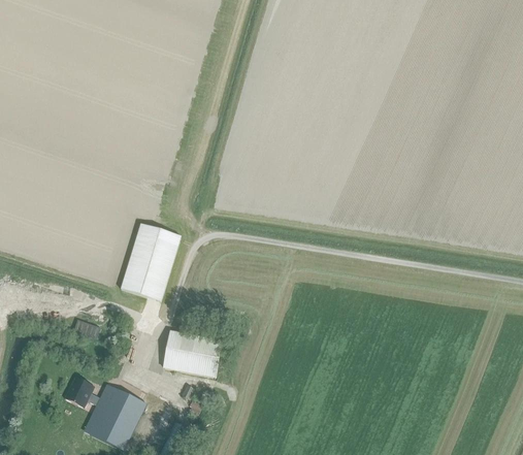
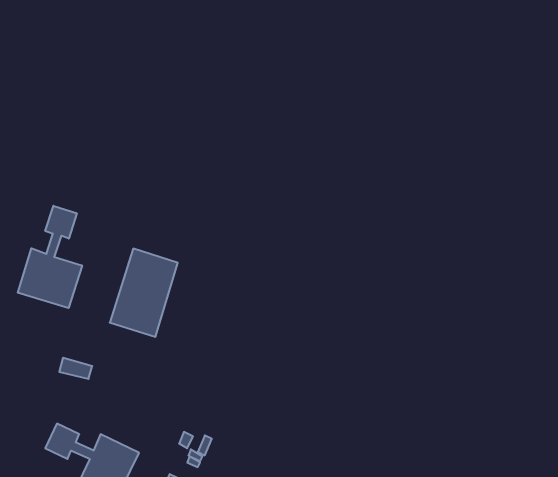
building: none -> [18,206,82,308]
building: [162,330,222,377] -> none

